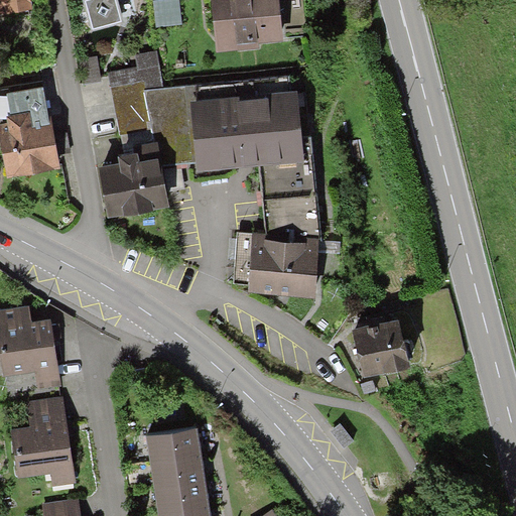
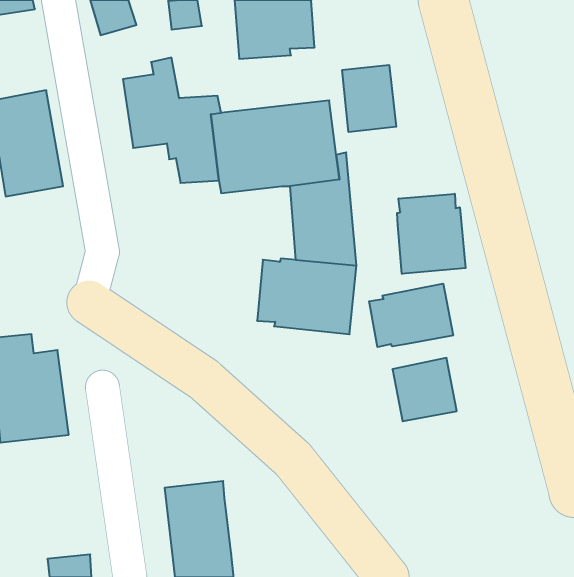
building: none -> [342,65,396,132]
building: [97,141,168,219] -> none
building: none -> [397,194,466,274]
building: none -> [369,284,453,347]
building: [13,395,76,486] -> none

